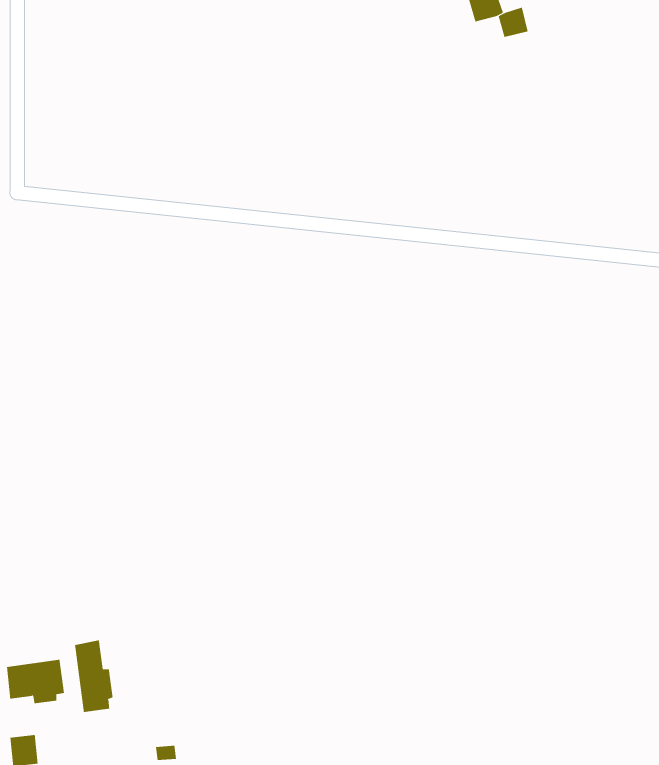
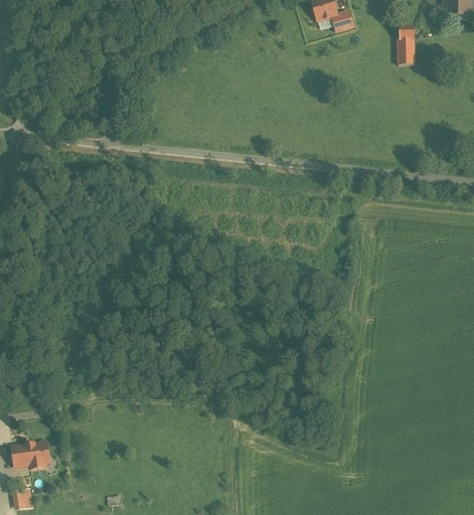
building: none -> [397,27,414,64]
building: [75,640,113,713] -> none

